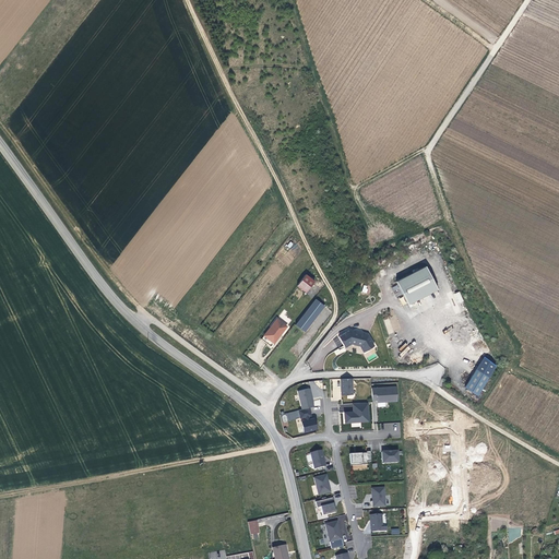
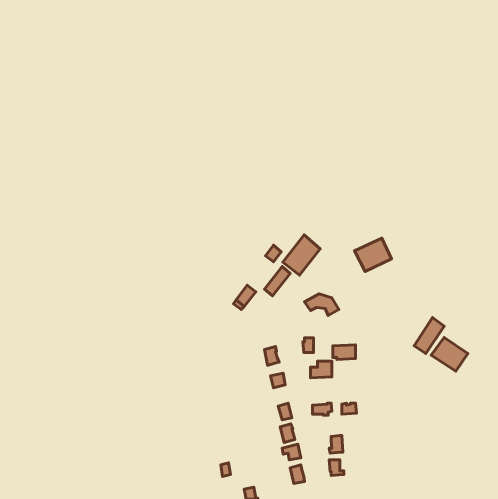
building: none -> [283,235,320,275]
building: none -> [431,337,468,371]

